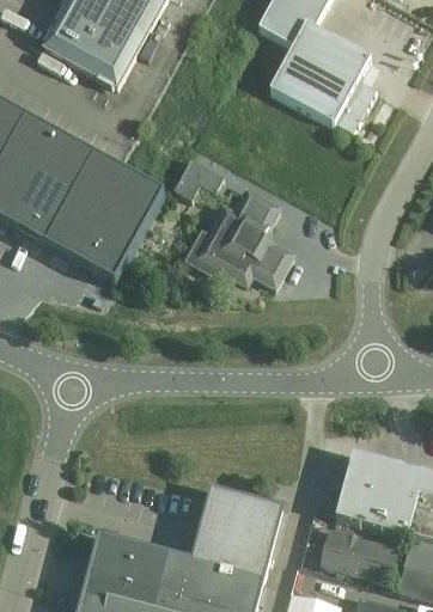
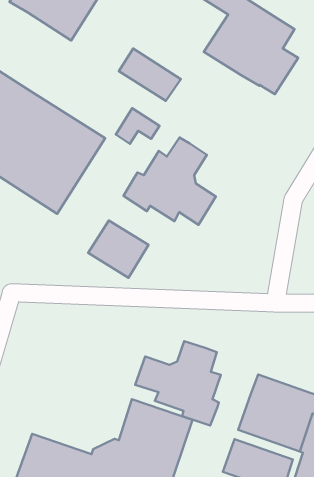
building: none -> [119,49,181,101]
building: none -> [88,221,149,278]
building: none -> [135,341,221,426]

